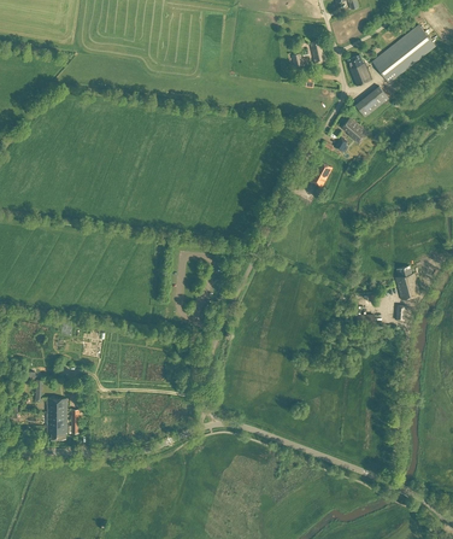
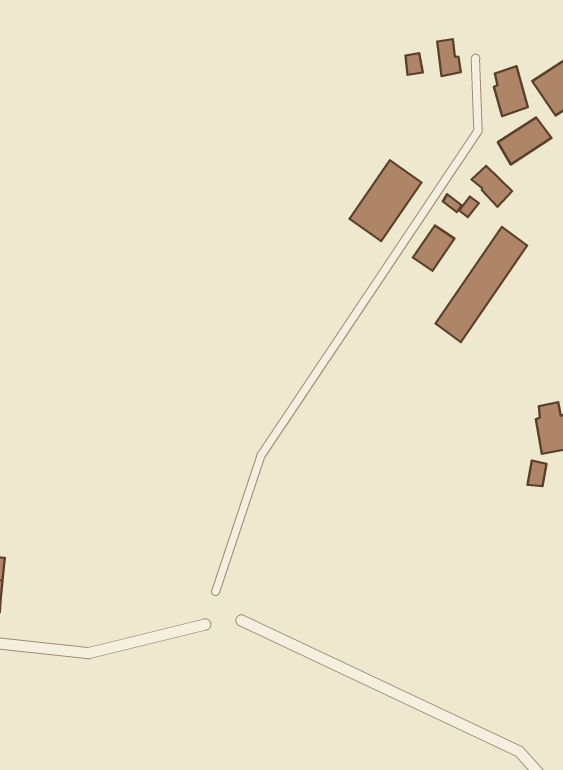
building: none -> [350,160,422,241]
building: none -> [435,227,527,342]

